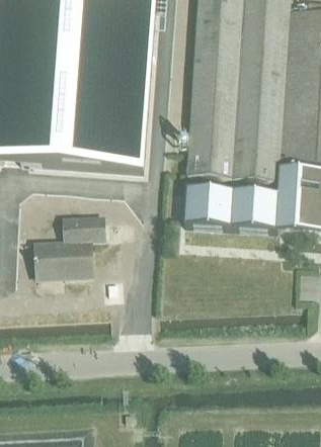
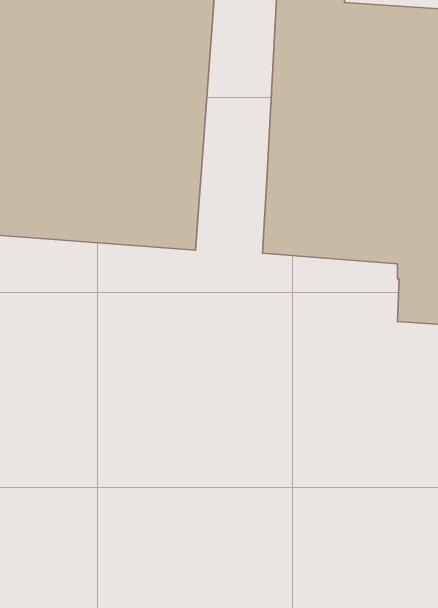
building: [184,183,278,228] -> none
building: [33,213,104,276] -> none

